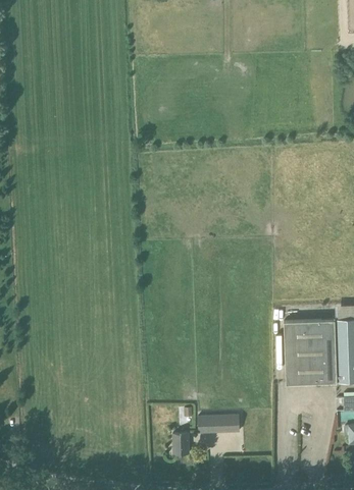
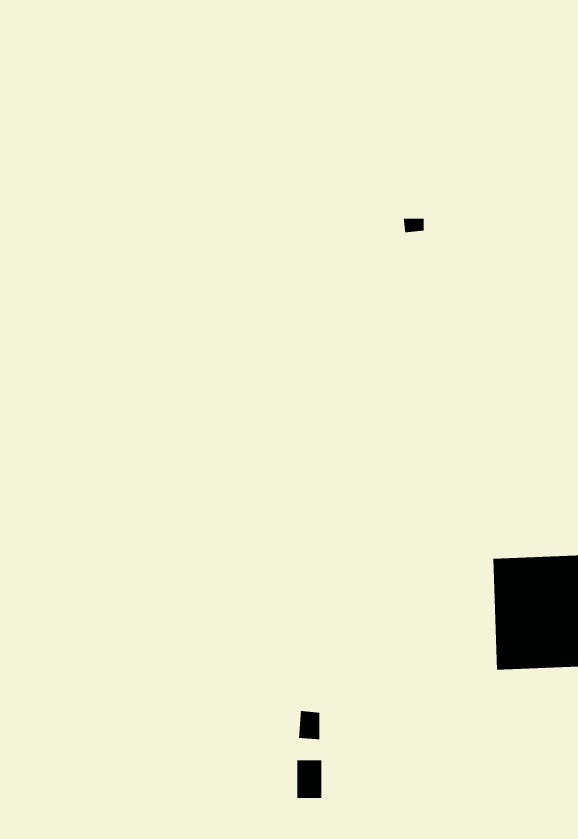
building: [197,416,239,433] -> none

